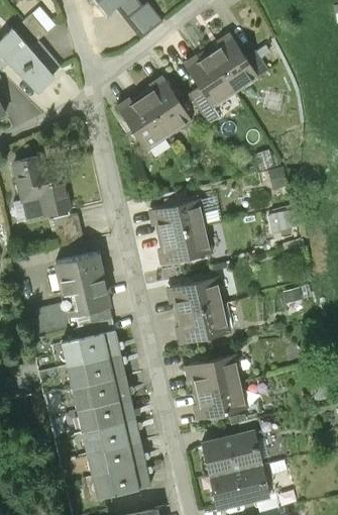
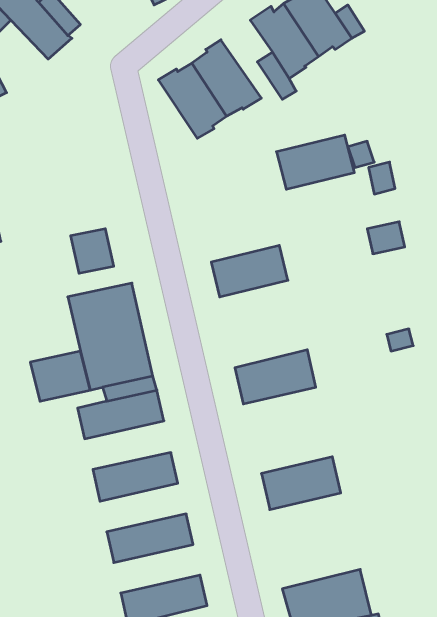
building: [11,158,72,222] -> none
building: [148,200,205,239] -> [276,135,354,189]
building: [166,278,225,316] -> none
building: [64,354,126,390] -> none
building: [186,354,243,393] -> none
building: [75,400,137,435] -> none
building: [199,429,263,477] -> none
building: [85,444,147,480] -> none

